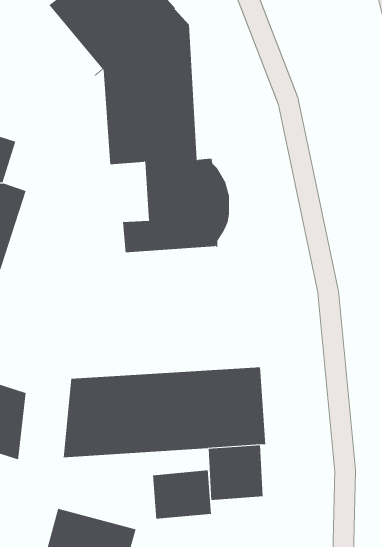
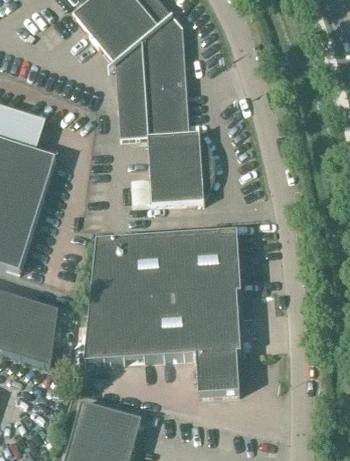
building: none -> [89,230,240,300]
building: [153,470,211,520] -> none

